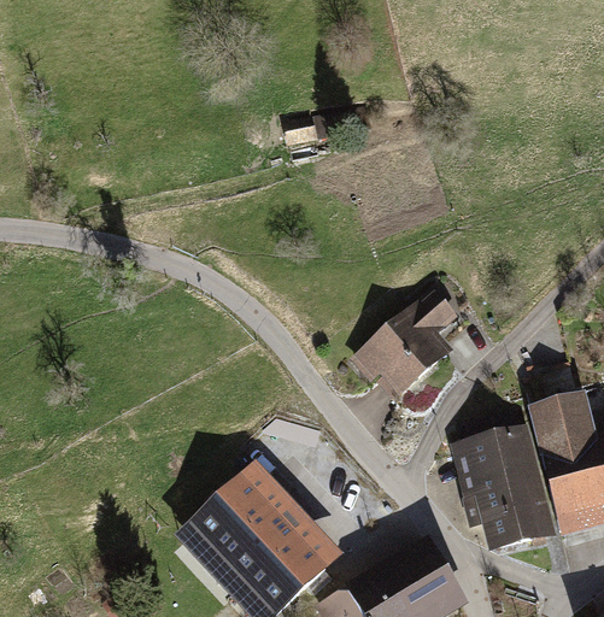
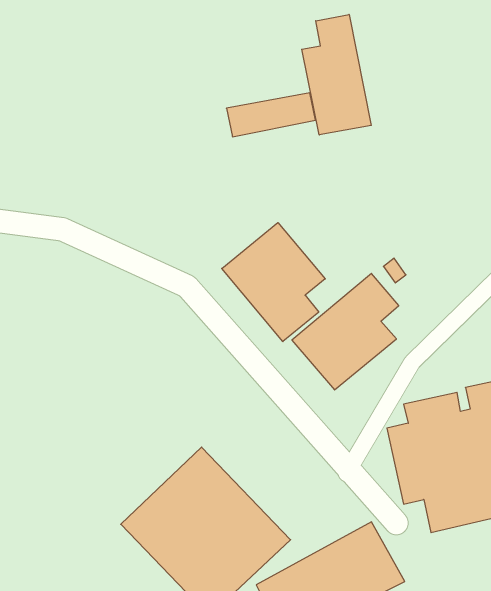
building: none -> [302,14,371,135]
building: none -> [222,223,325,342]

